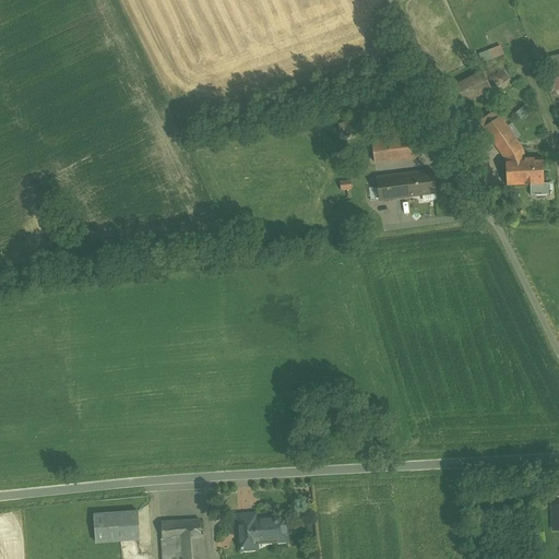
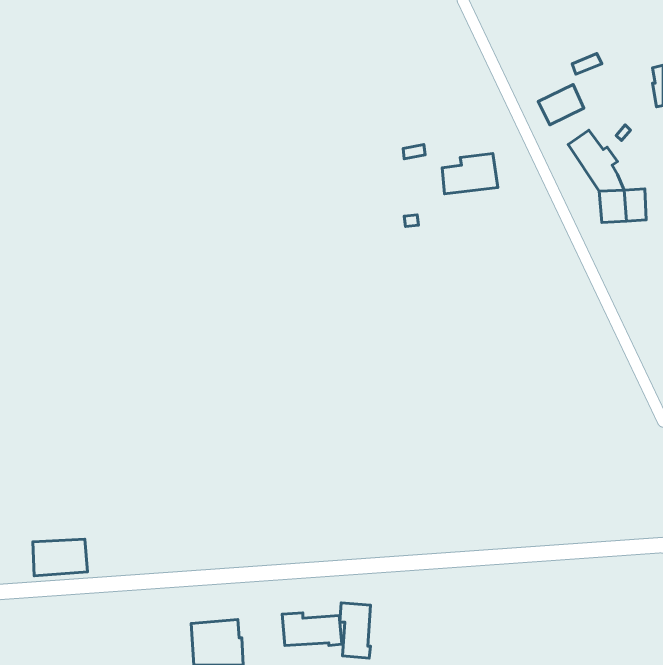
building: [376,171,435,200] -> none
building: none -> [340,603,370,658]
building: [94,512,140,543] -> [33,539,87,576]

